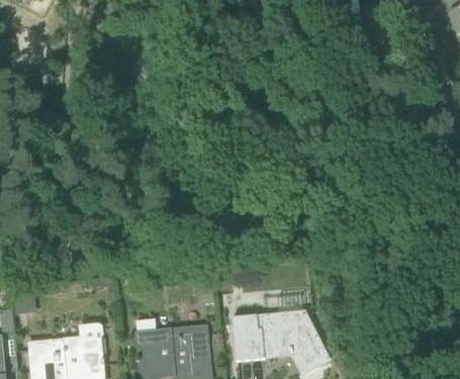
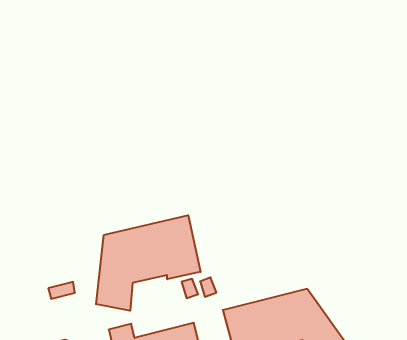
building: none -> [96,215,201,311]

